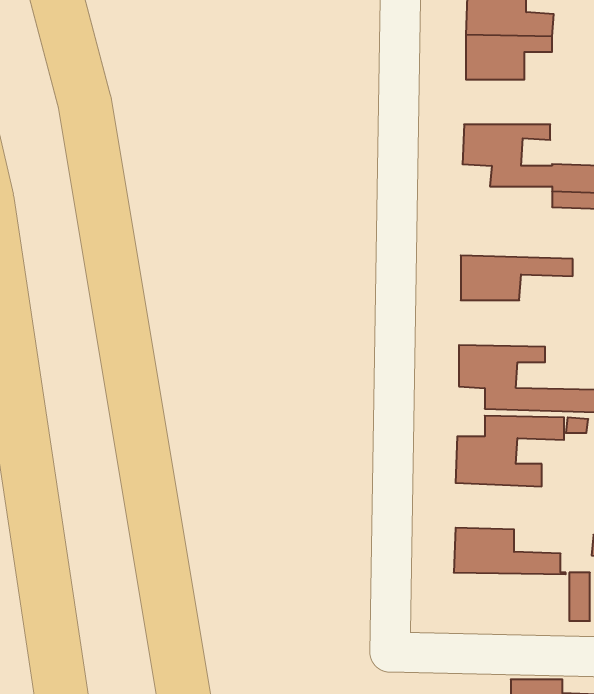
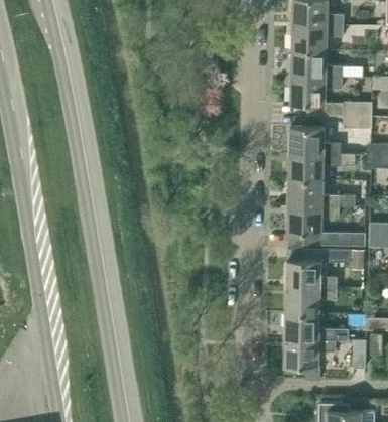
building: none -> [291,52,343,79]
building: none -> [289,127,355,157]
building: none -> [288,181,356,208]
building: none -> [286,288,337,315]
building: none -> [284,340,351,370]

